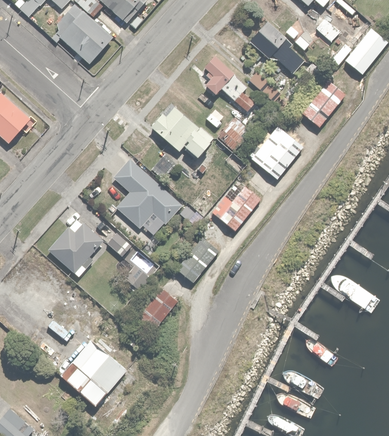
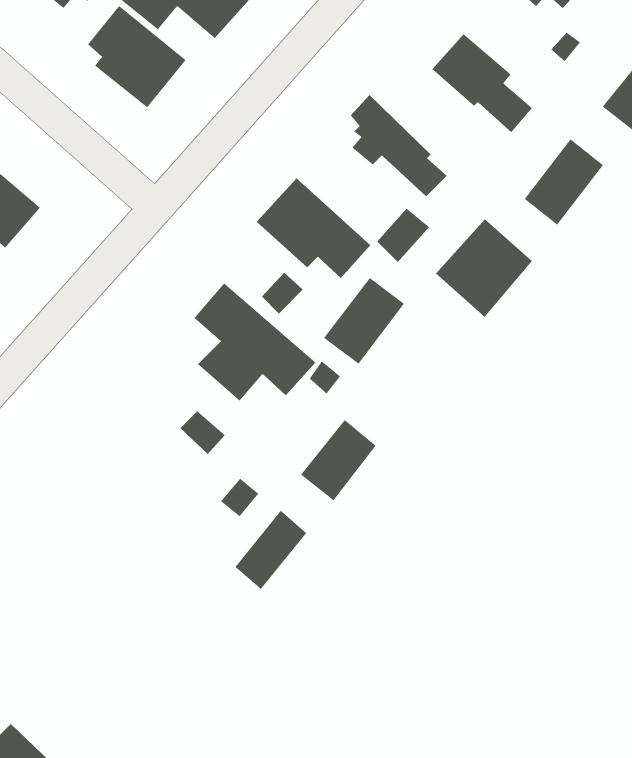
building: [217,184,263,233] -> [323,277,405,364]
building: [47,223,102,272] -> none
building: [60,327,134,404] -> none

